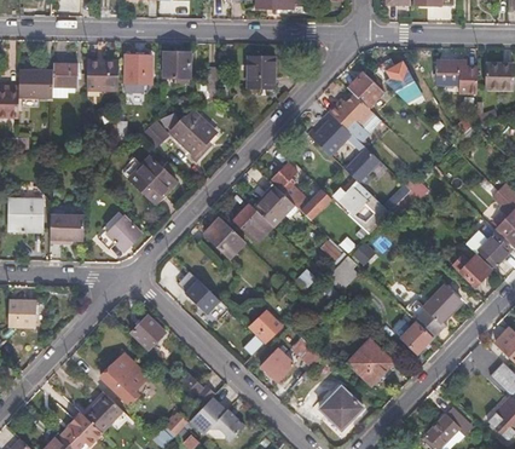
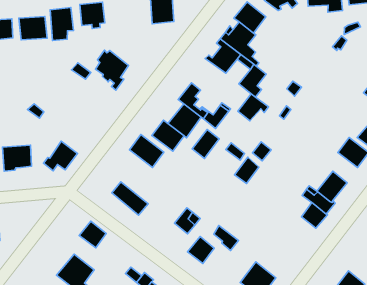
building: [129,157,175,202] -> none
building: none -> [192,129,219,158]
building: [351,339,395,382] -> none

